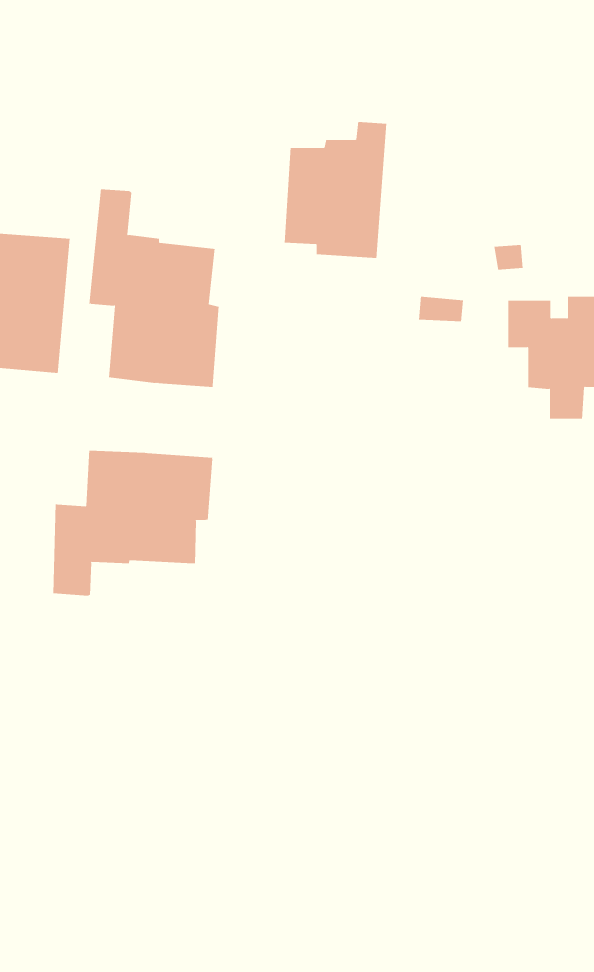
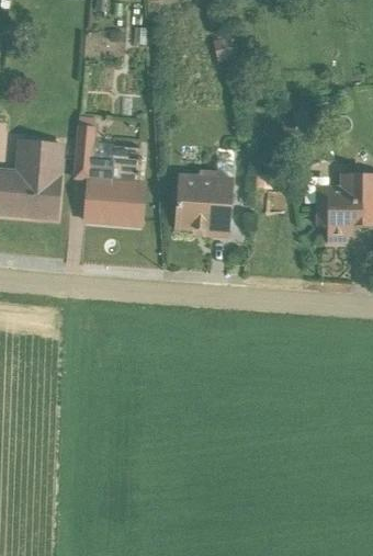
building: [284,122,387,259] -> [176,161,233,237]
building: [53,450,213,596] -> none

